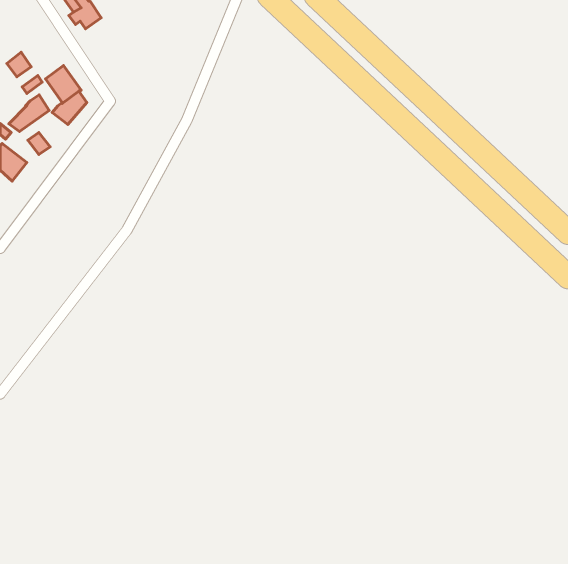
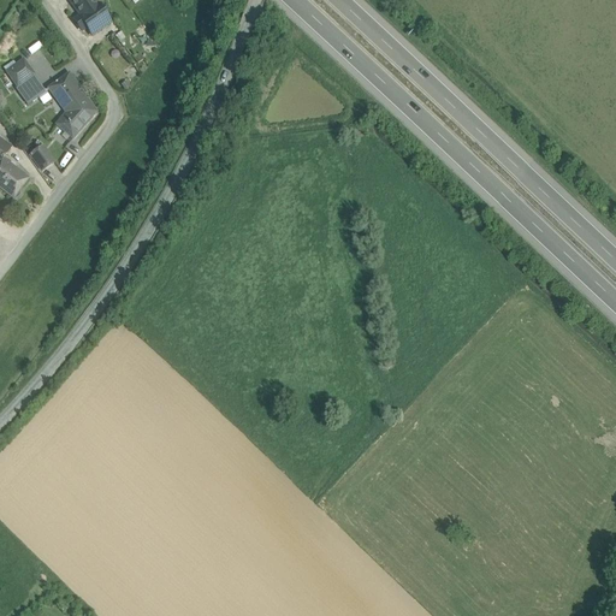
building: [9,95,49,131] -> none

